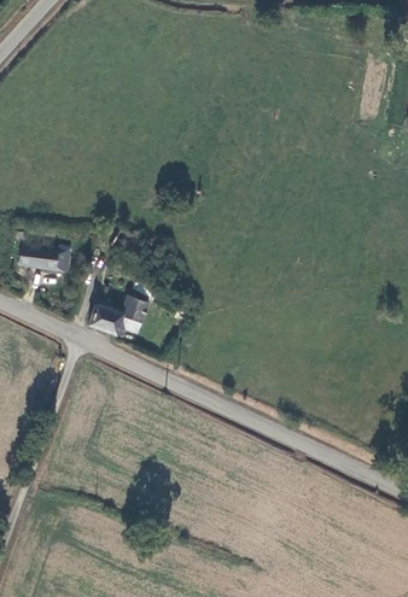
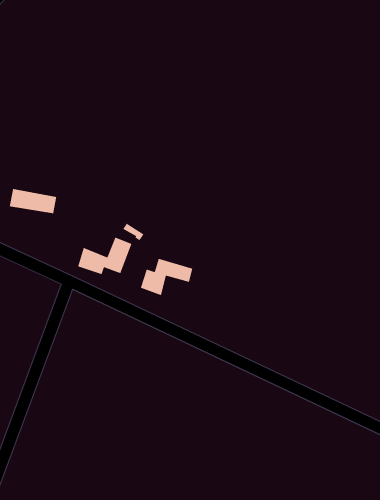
building: none -> [140,258,193,296]

